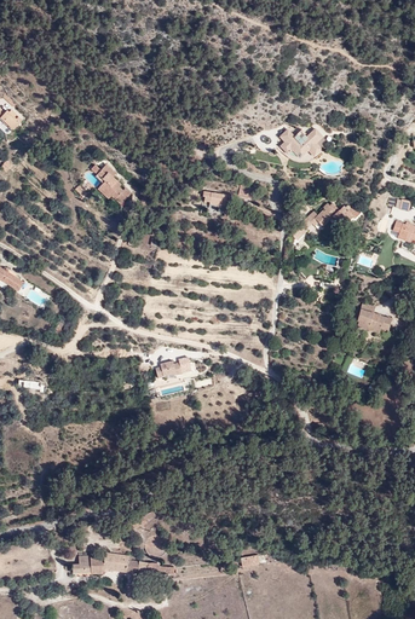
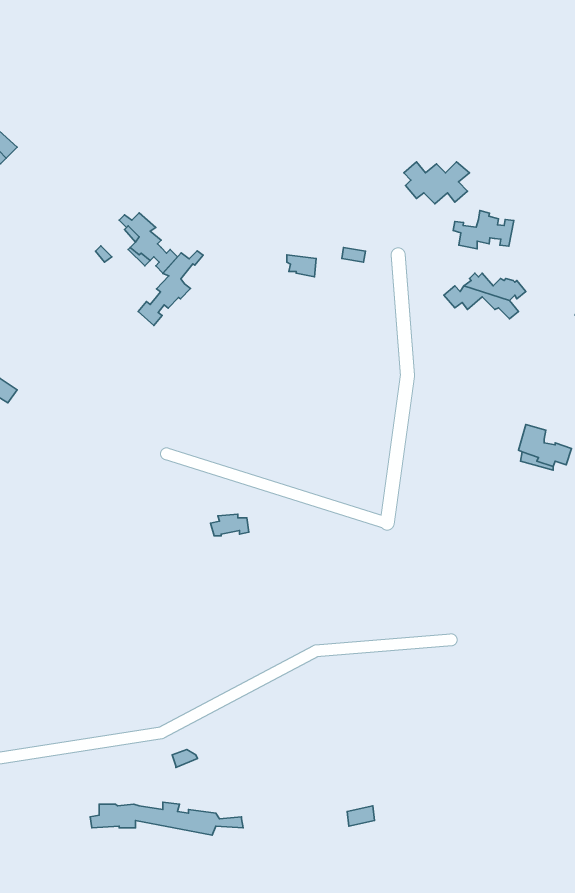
building: none -> [453,210,514,249]
building: none -> [138,251,203,326]

